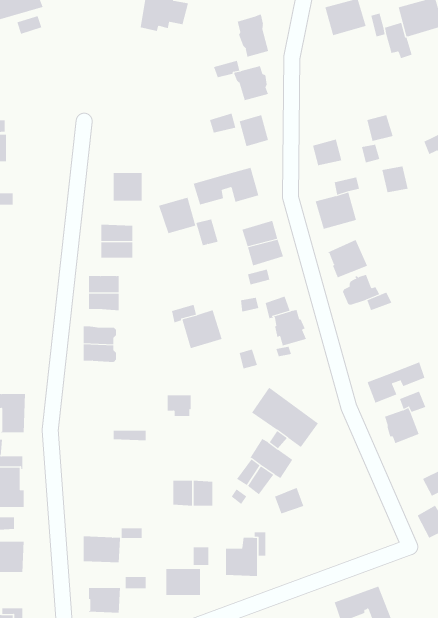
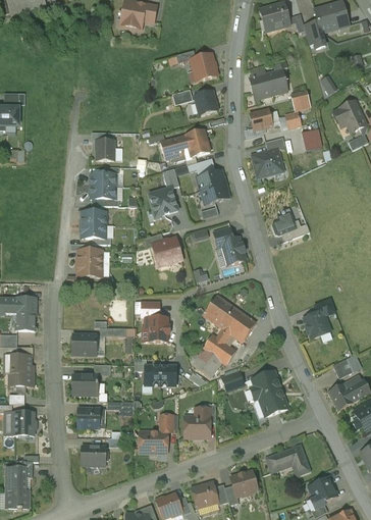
building: [237,14,269,58] -> none
building: none -> [250,68,287,99]
building: [158,197,196,234] -> [149,188,177,215]
building: [327,239,368,278] -> none
building: [367,362,425,403] -> none
building: none -> [145,317,169,341]
building: none -> [72,333,97,355]
building: none -> [250,370,287,415]
building: none -> [72,373,98,395]

